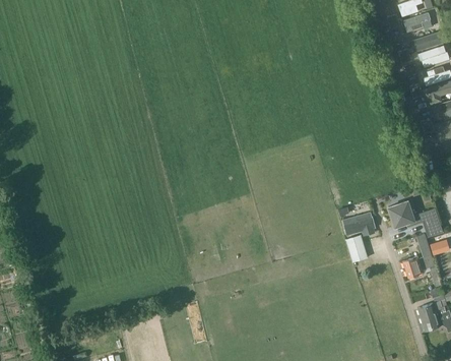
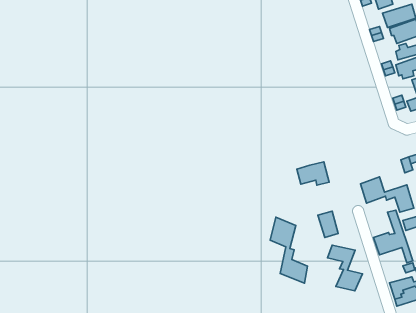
building: [342,214,375,237] -> [297,162,329,185]
building: none -> [270,217,307,283]
building: none -> [328,245,363,291]

